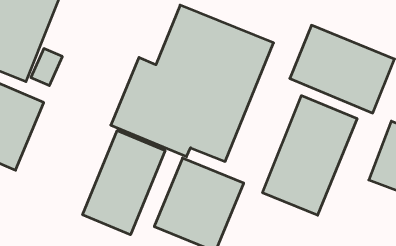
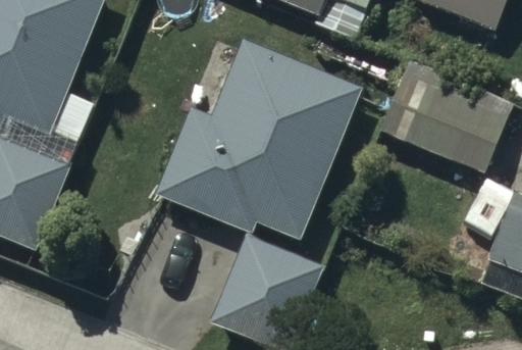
building: [263,96,357,215] -> none
building: [83,131,165,235] -> none

